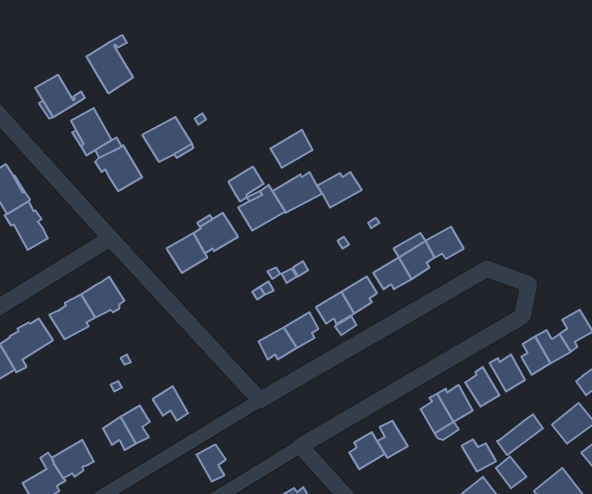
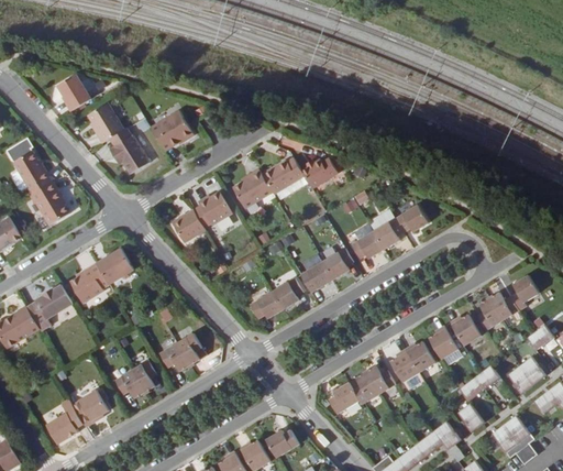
building: [86,35,133,93] -> none
building: [270,130,312,168] -> none
building: [229,167,264,202] -> none
building: [462,440,496,471] -> [366,366,396,394]
building: [196,445,226,482] -> [177,333,202,365]

